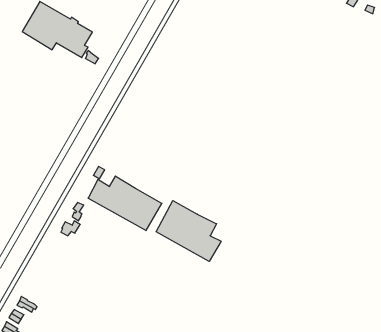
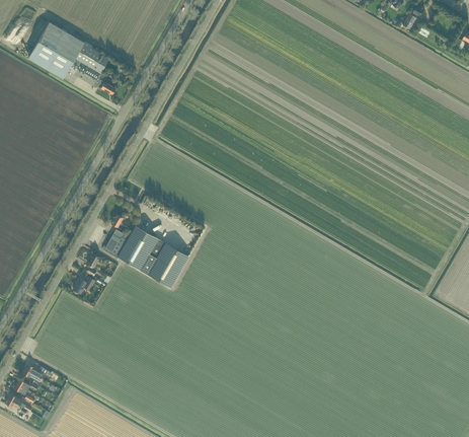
building: [156,201,221,261] -> none

